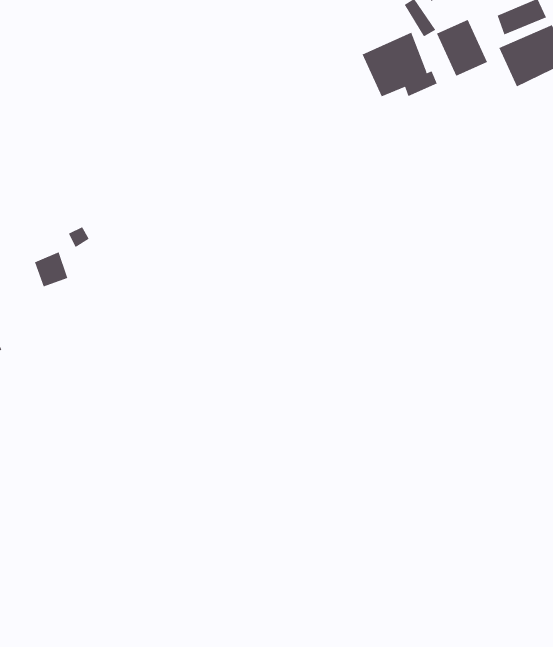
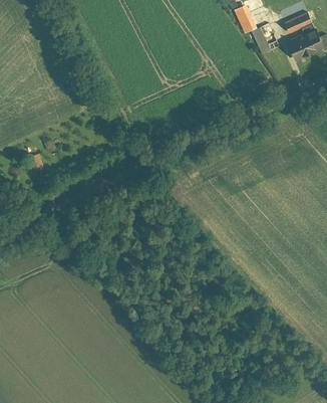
building: [362,32,438,97] -> none

